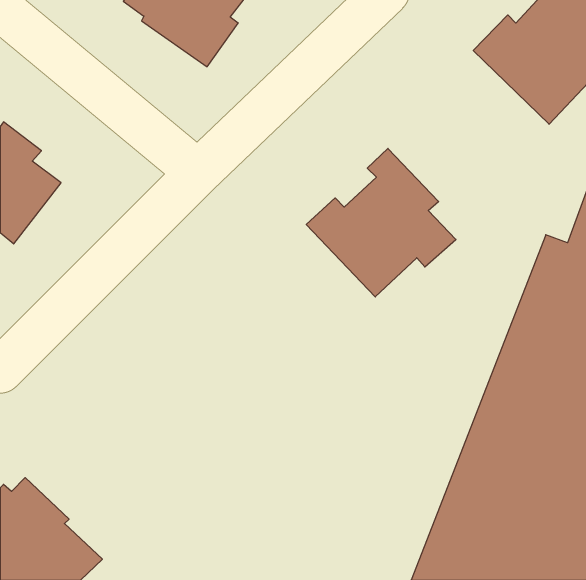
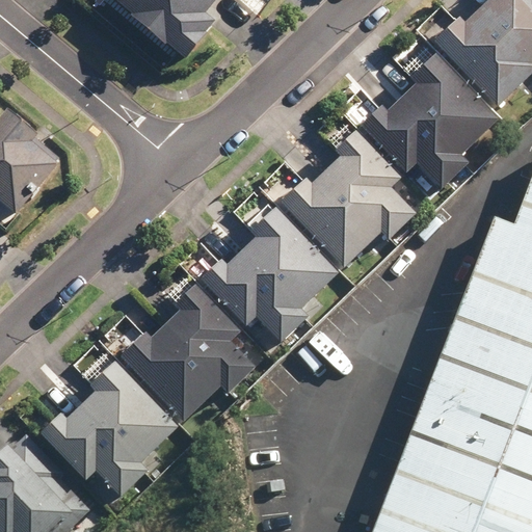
building: none -> [361,56,498,194]
building: none -> [196,209,338,346]
building: none -> [116,286,255,424]
building: none -> [38,362,179,500]

